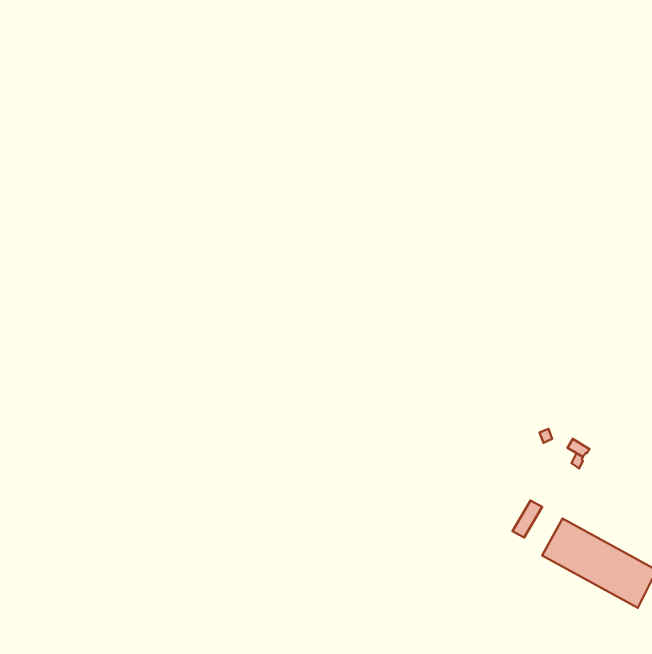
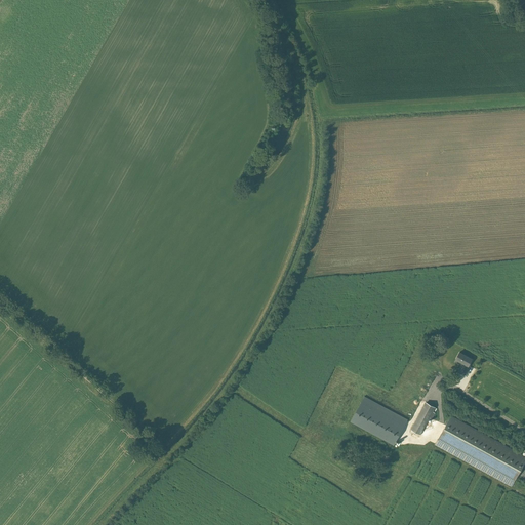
building: none -> [353,397,406,443]

